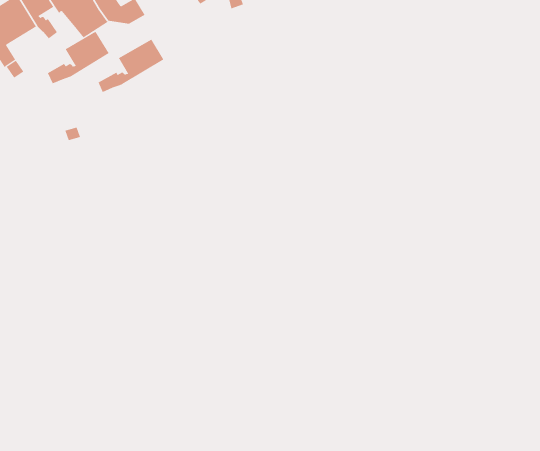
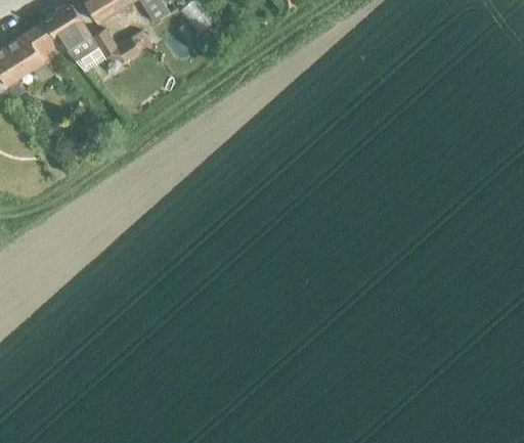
building: [47,31,109,84] -> none
building: [98,39,164,93] -> none

